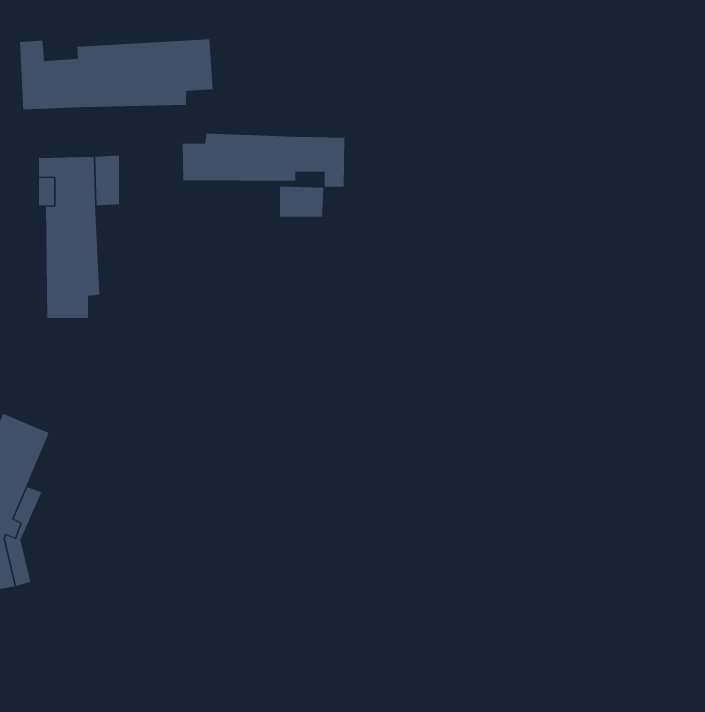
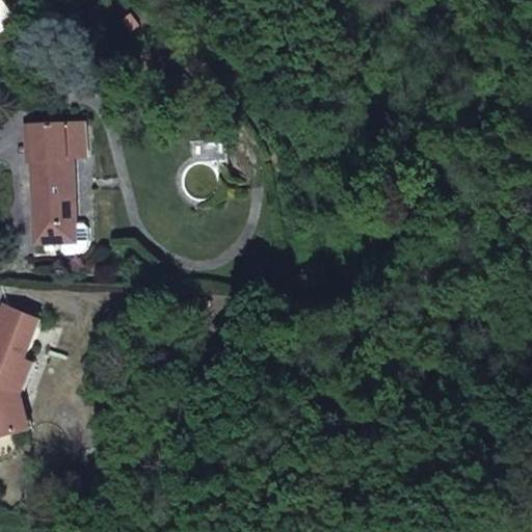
building: [20,38,213,110] -> none
building: [182,133,345,188] -> none

